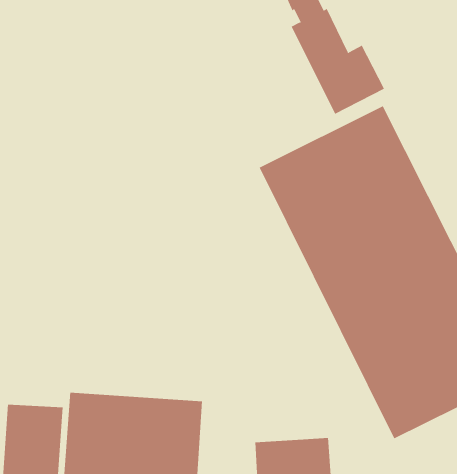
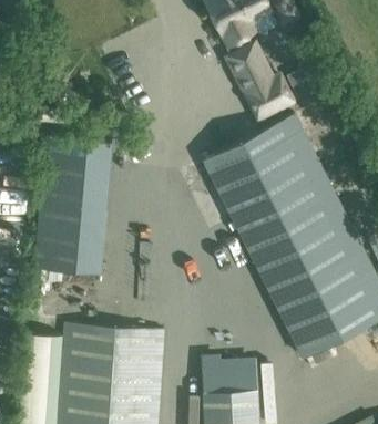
building: none -> [33,138,111,273]

